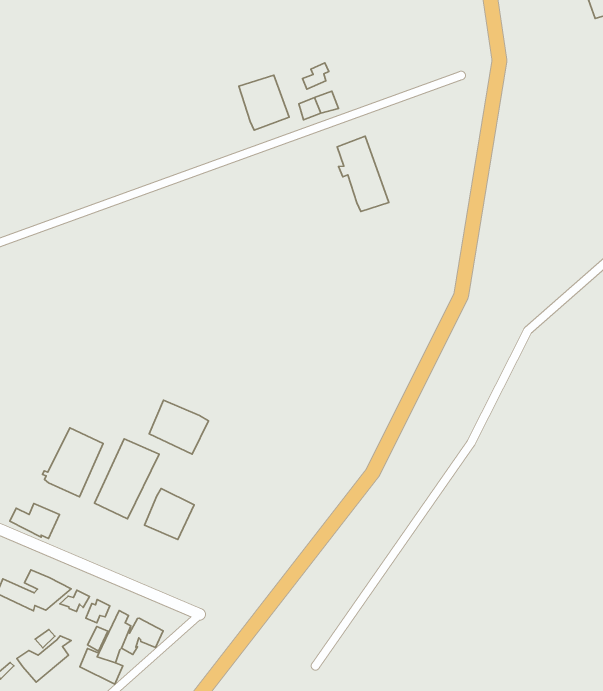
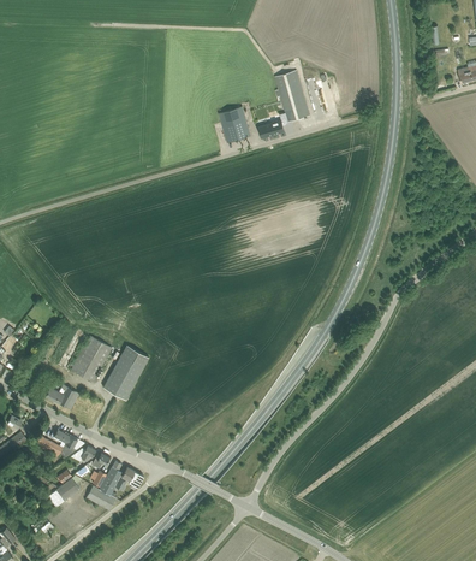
building: [337,136,389,212] -> [275,70,308,120]
building: [149,400,208,454] -> none
building: [144,489,194,540] -> none

